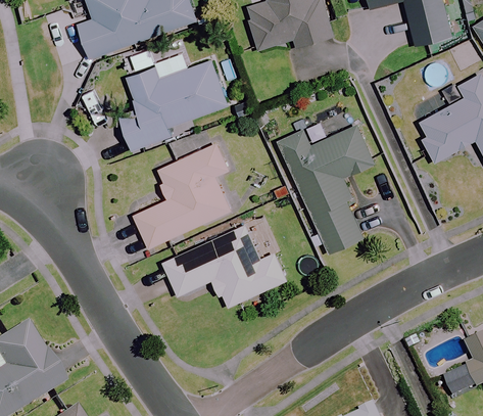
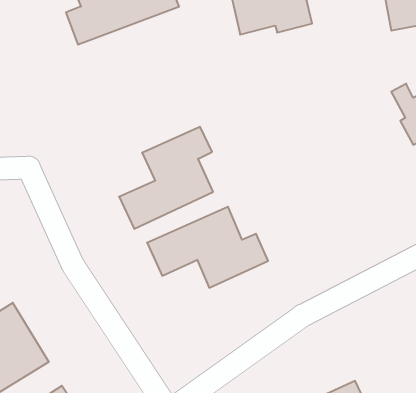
building: [119,59,228,149] -> none
building: [279,111,371,253] -> none

